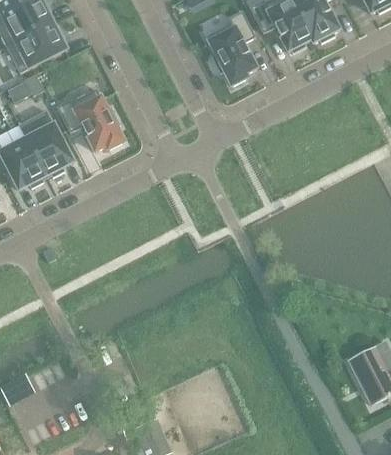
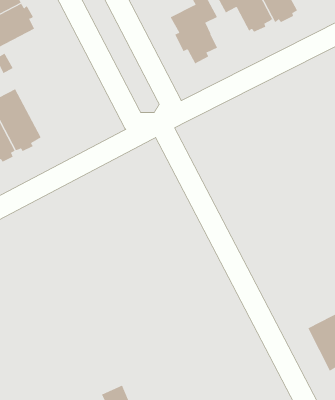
building: [56,88,123,151] -> none

